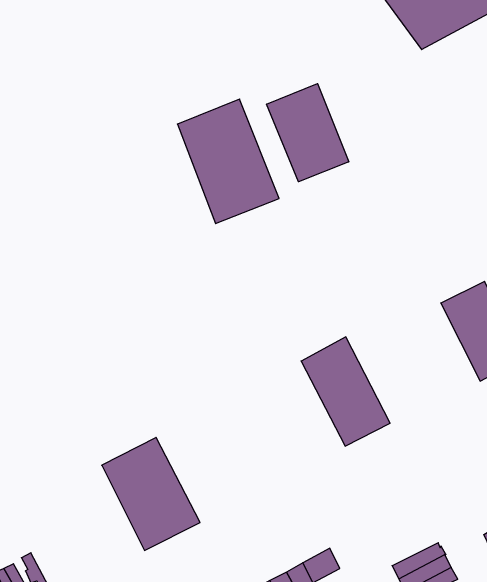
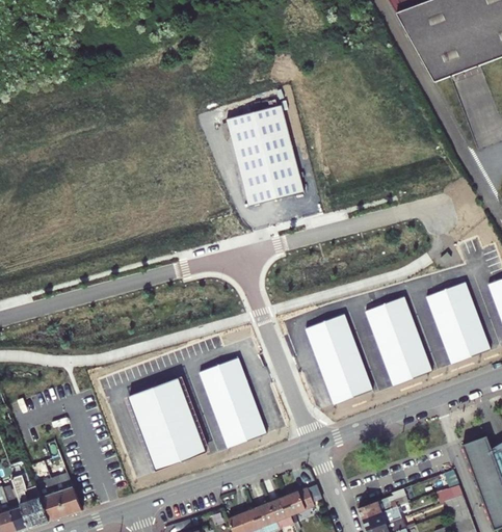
building: [267,84,349,182] -> none
building: none -> [365,296,432,387]
building: none -> [200,356,266,447]

